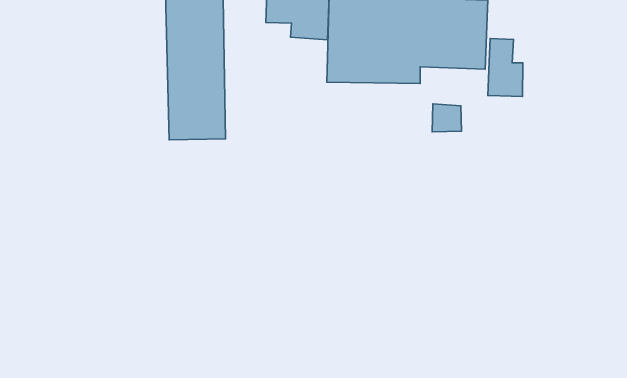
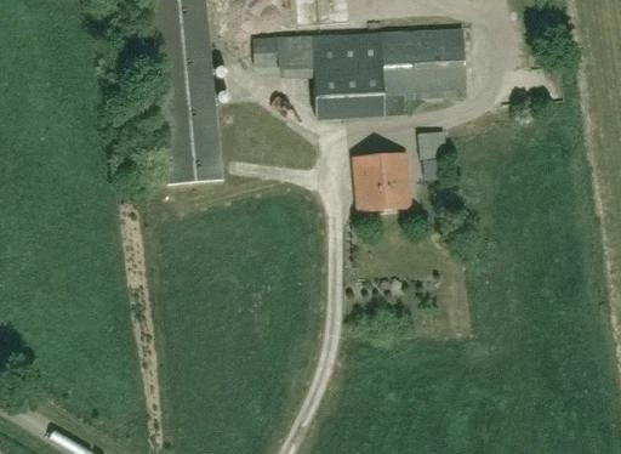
building: [488,38,523,97] -> none
building: none -> [353,151,410,209]

